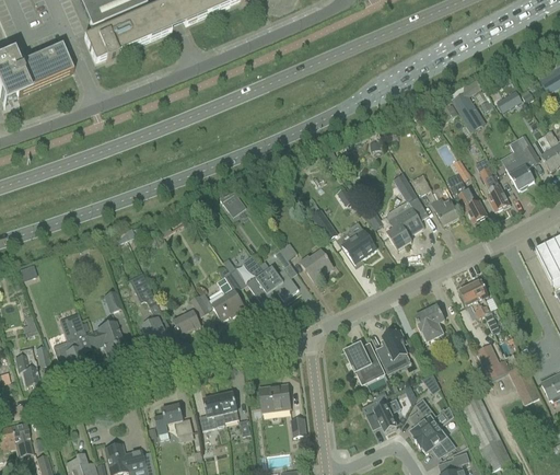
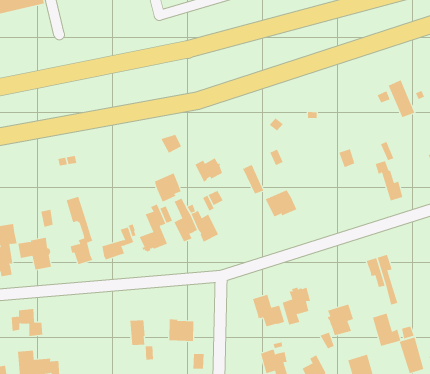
building: [479,163,509,210] -> none
building: [386,174,428,250] -> none
building: [431,195,458,224] -> none
building: none -> [154,172,182,203]
building: [300,251,331,279] -> [195,158,223,182]
building: [415,304,444,341] -> [327,304,354,336]
building: [199,395,224,429] -> none
building: [155,404,192,435] -> [11,309,43,336]

